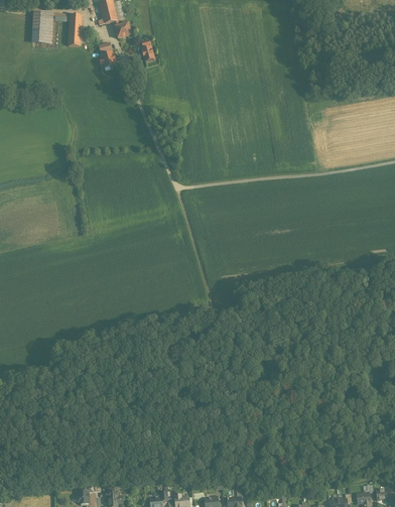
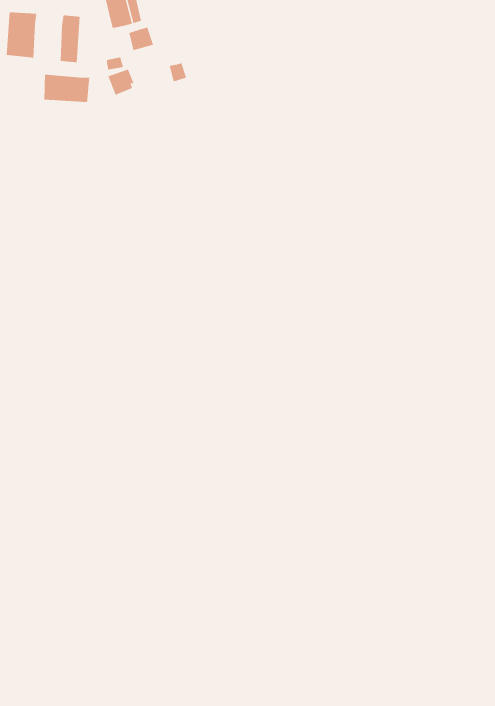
building: none -> [44,74,90,103]

